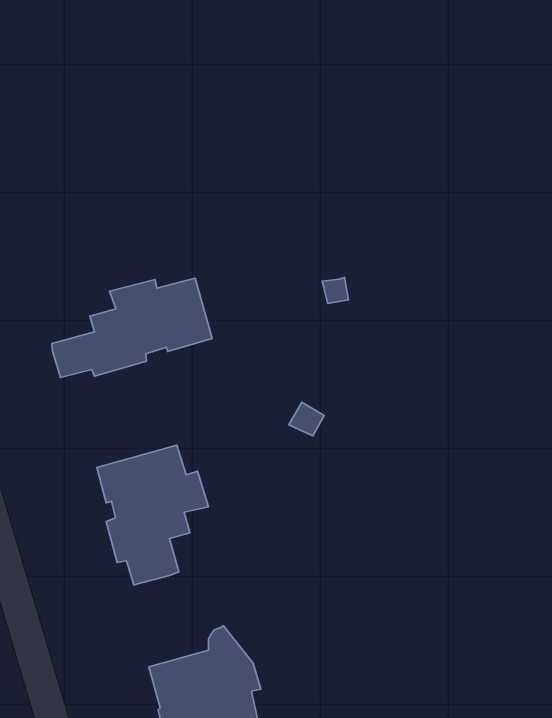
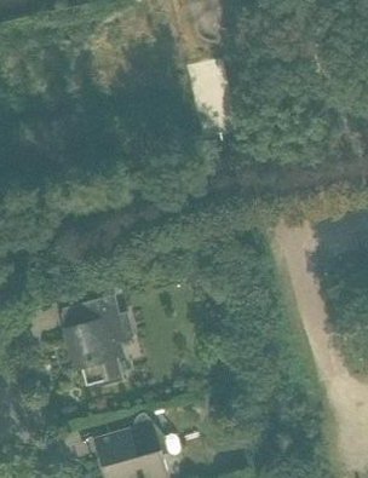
building: [52,278,212,378] -> none

